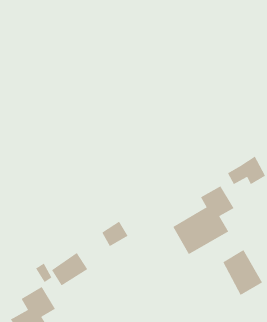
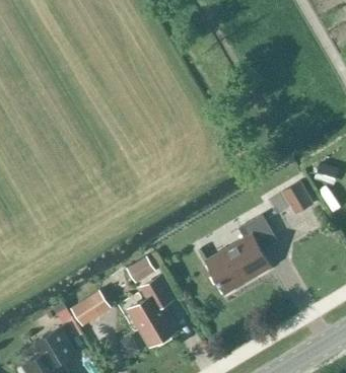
building: none -> [129,278,175,345]
building: [223,249,263,296] -> none

